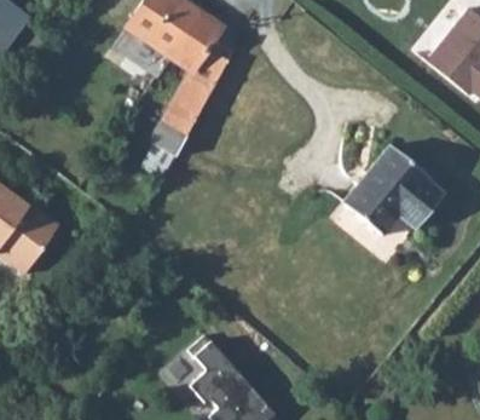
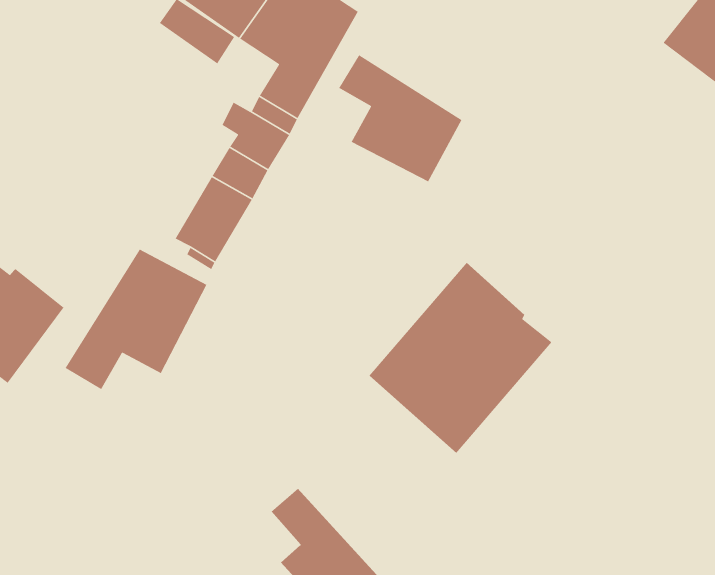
building: none -> [338,54,462,183]
building: [336,138,450,257] -> [368,262,553,454]
building: none -> [65,248,208,390]

